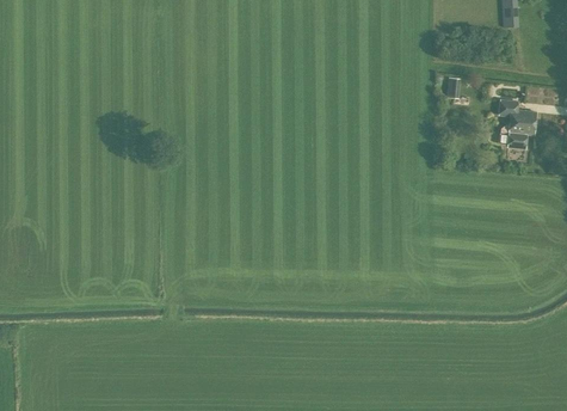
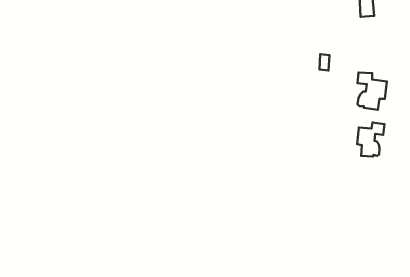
building: none -> [357,123,384,157]

